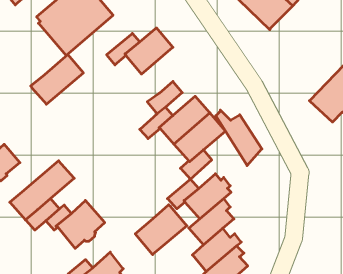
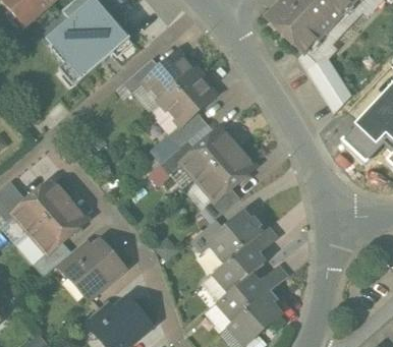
building: none -> [162,73,215,124]
building: [31,55,83,104] -> [12,178,70,233]
building: [216,110,262,166] -> [299,52,350,113]
building: [135,205,187,255] -> none

